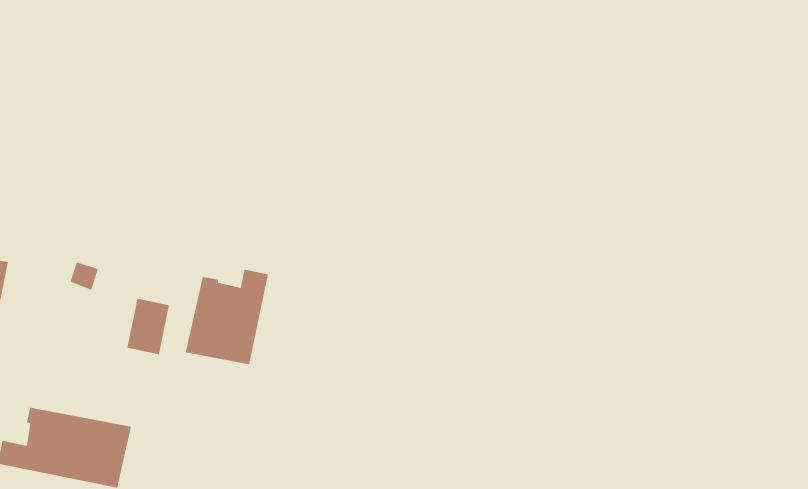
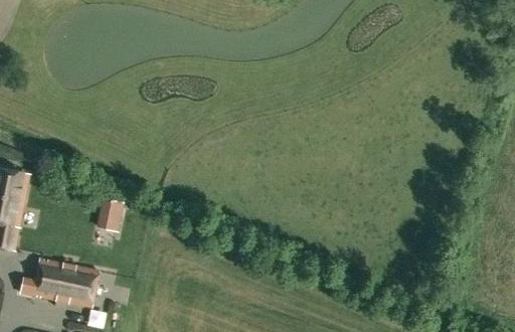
building: [185,269,269,365] -> none

